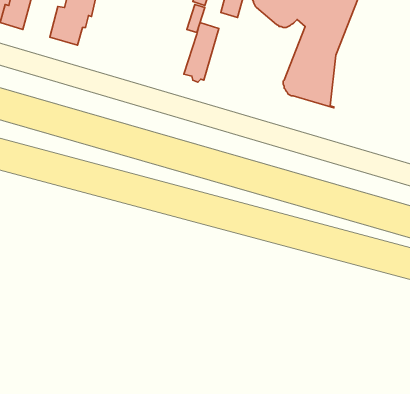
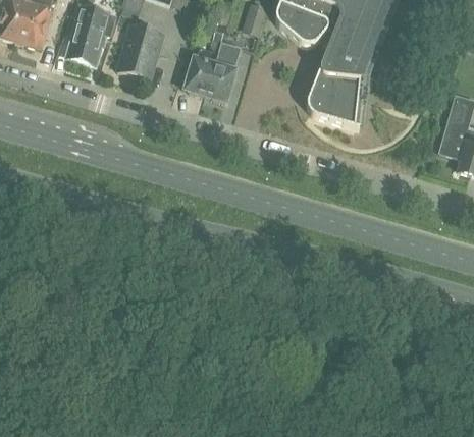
building: none -> [117,22,163,77]
building: none -> [186,45,218,93]

